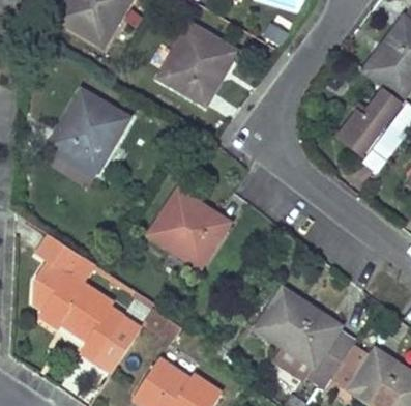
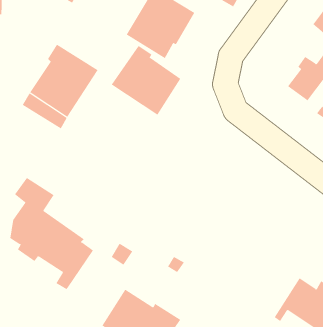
building: [147,191,225,268] -> [111,45,181,116]
building: [255,290,353,389] -> none
building: [96,316,141,369] -> none

